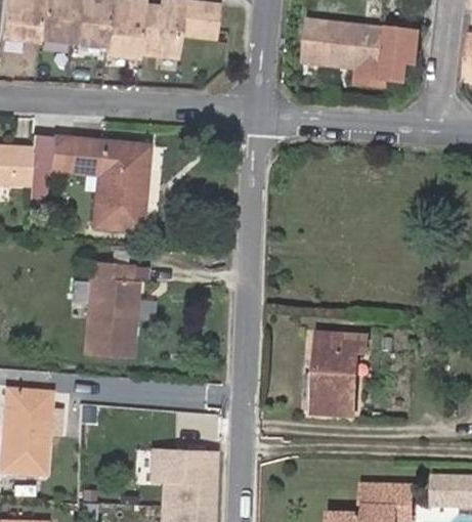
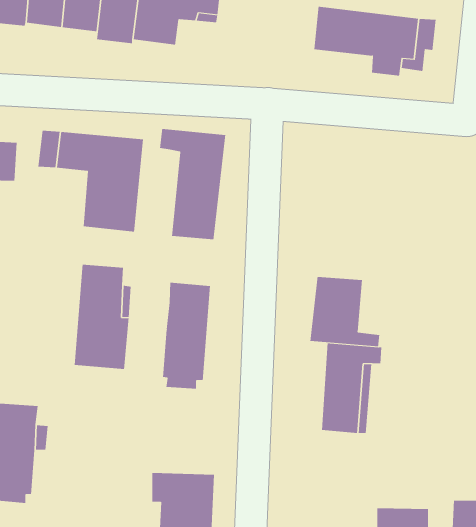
building: none -> [160,128,226,240]
building: none -> [310,276,380,347]
building: none -> [163,282,210,389]

